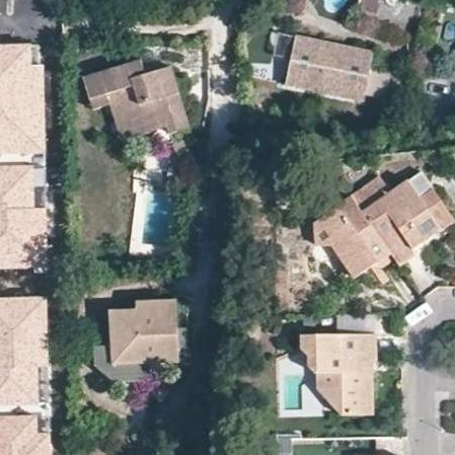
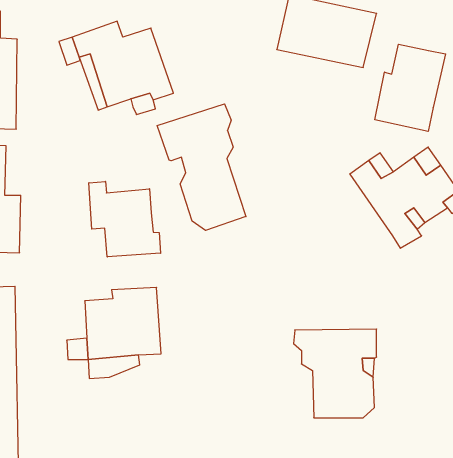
building: none -> [375,44,446,131]
building: none -> [157,104,246,230]
building: [311,196,387,277] -> none
building: none -> [89,181,161,257]

